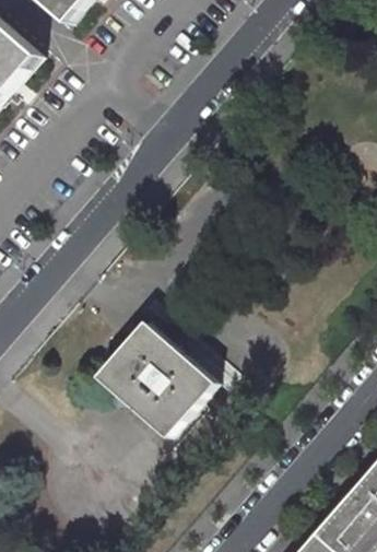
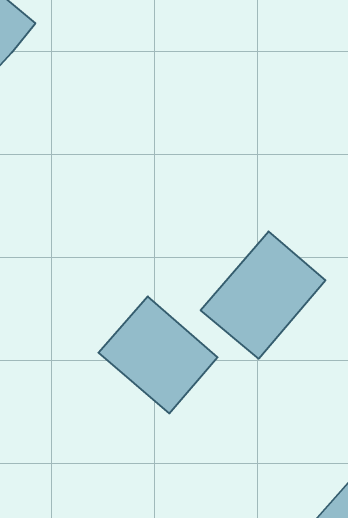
building: none -> [201,231,325,359]

